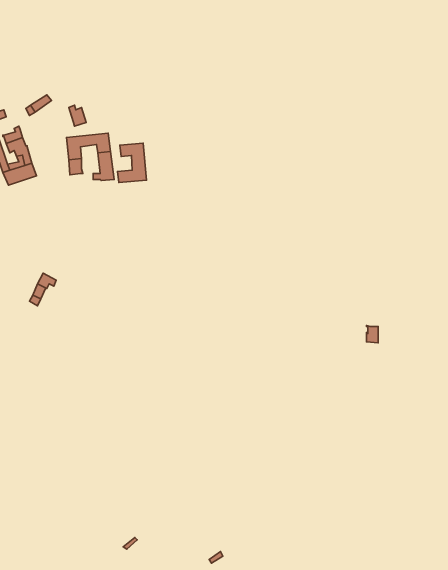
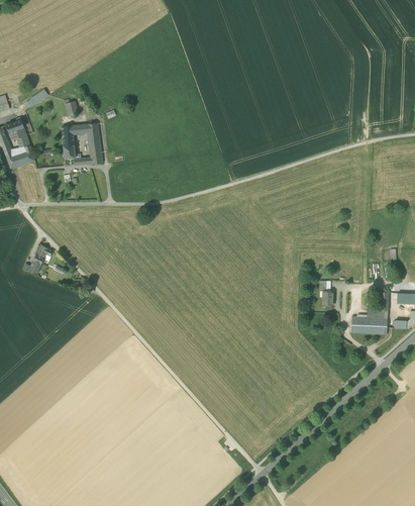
building: [118,143,146,183] -> none
building: none -> [351,315,387,333]

